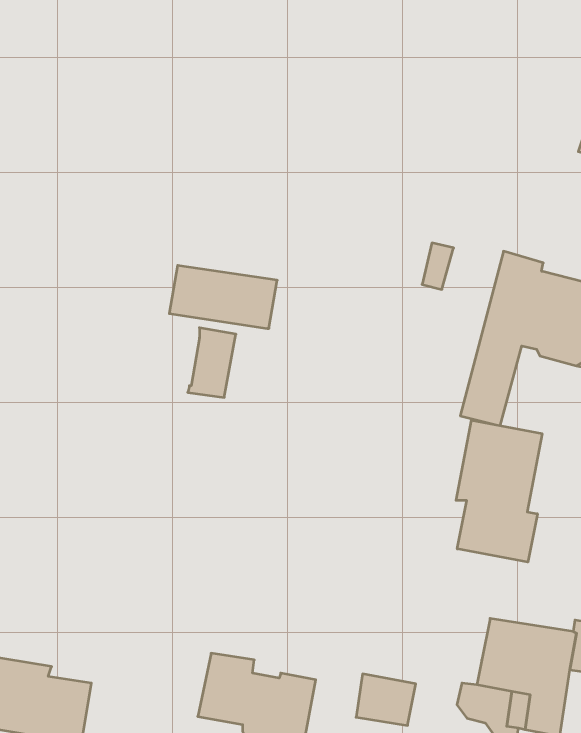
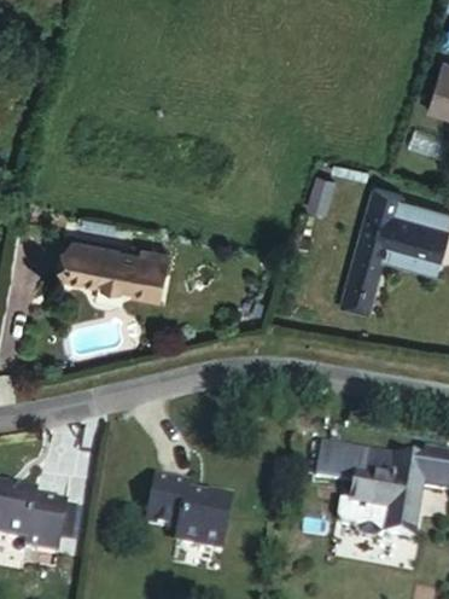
building: [169,265,277,328] -> [69,239,147,285]
building: [456,420,542,562] -> none
building: [356,674,416,725] -> [315,447,358,484]

